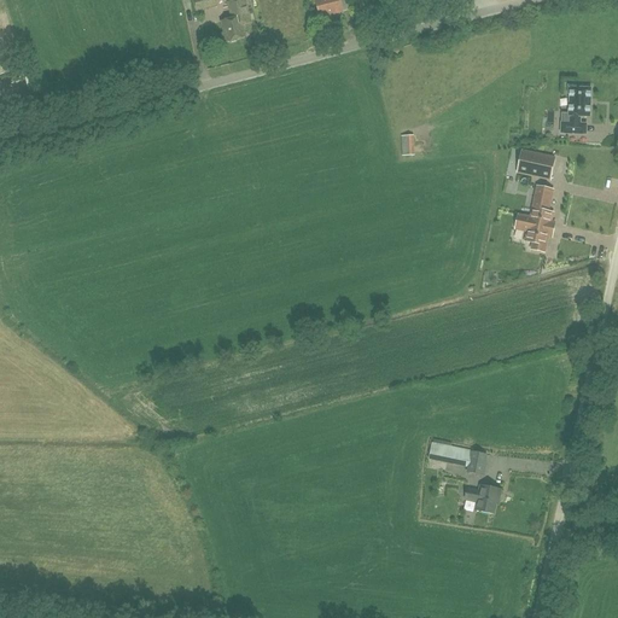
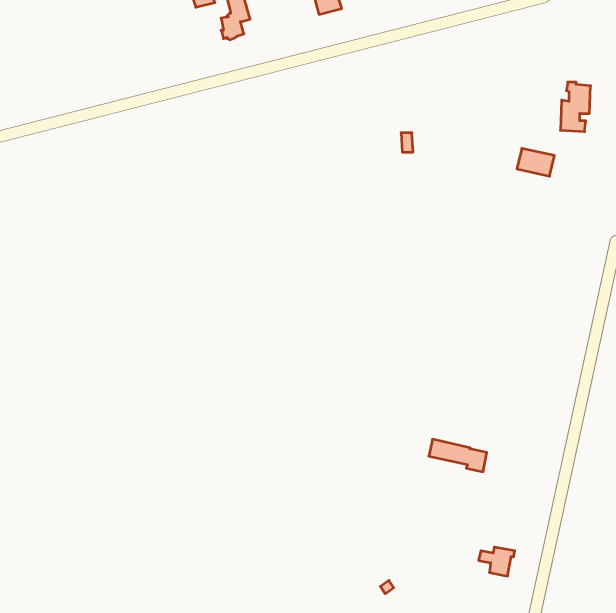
building: [519,183,554,249] -> none
building: [465,483,501,512] -> [479,547,515,576]

